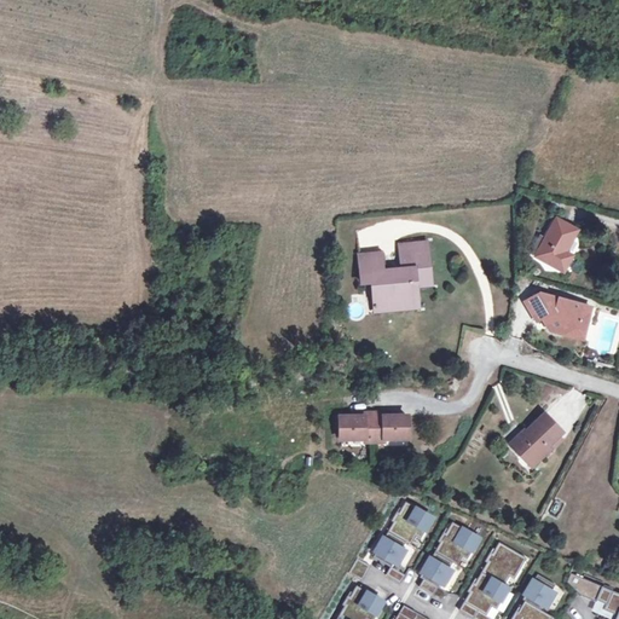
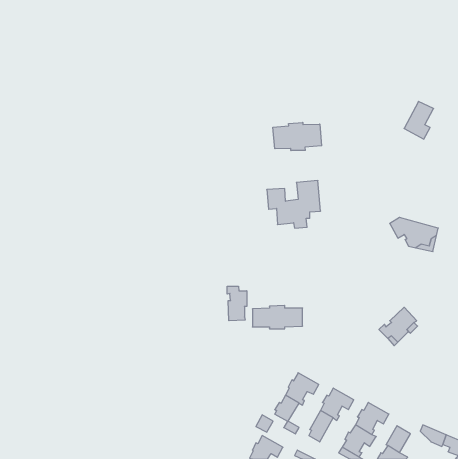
building: none -> [273,122,322,151]
building: [538,220,578,271] -> [404,101,434,139]
building: none -> [227,286,247,321]

